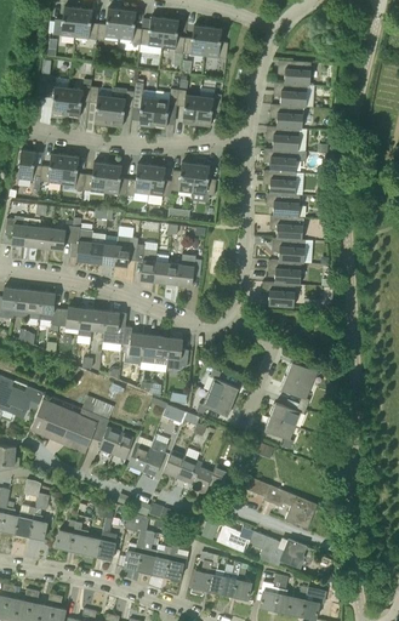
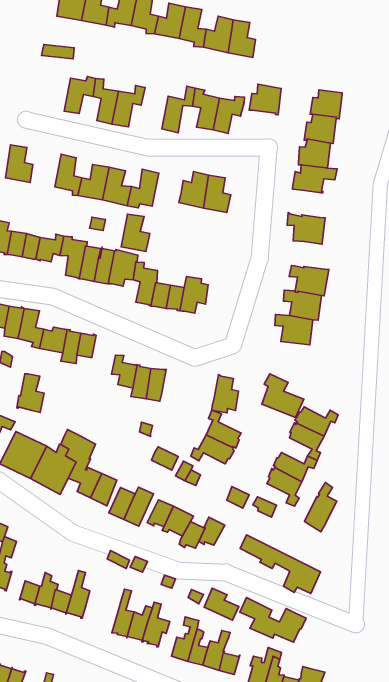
building: [284,61,310,86] -> [249,84,281,115]
building: [46,81,69,118] -> none
building: [132,82,155,127] -> none
building: [40,154,65,184] -> none
building: [148,166,172,198] -> [121,214,150,251]
building: [263,171,296,195] -> none
building: [275,217,303,240] -> none
building: [102,312,125,344] -> [17,374,44,412]
building: none -> [262,374,304,417]
building: [166,337,188,370] -> [212,375,238,413]
building: none -> [304,482,337,532]
building: [124,513,149,570] -> none

